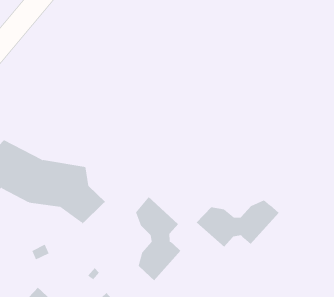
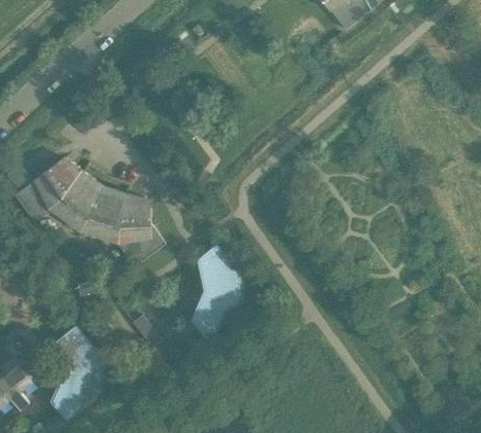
building: [196,200,279,247] -> none

